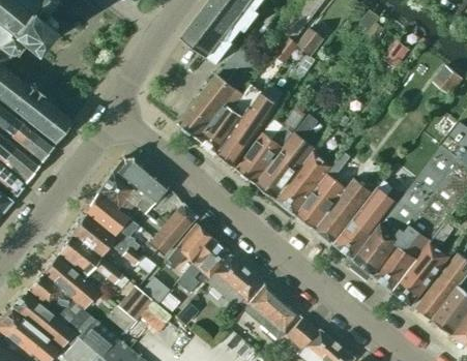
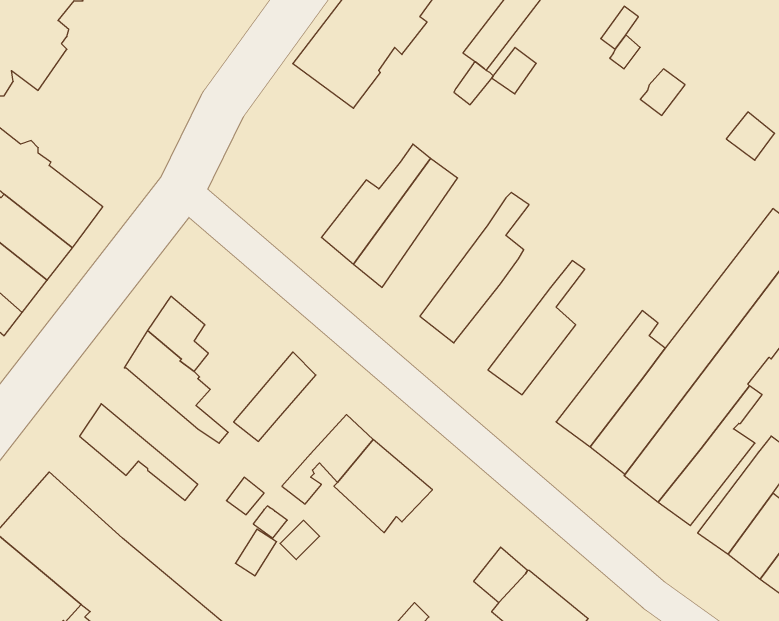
building: [179,48,255,139] -> none
building: [237,108,305,183] -> none
building: [275,150,331,214] -> none
building: [112,156,167,214] -> none
building: [315,177,372,242] -> none
building: [71,213,140,264] -> none
building: [165,223,213,267] -> none
building: [41,255,99,311] -> none
building: [242,284,299,339] -> none
building: [108,287,151,331] -> none

